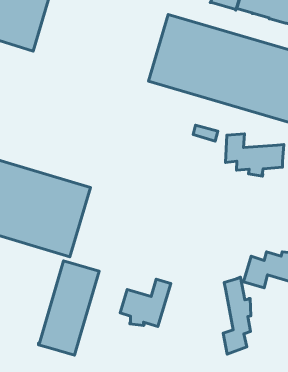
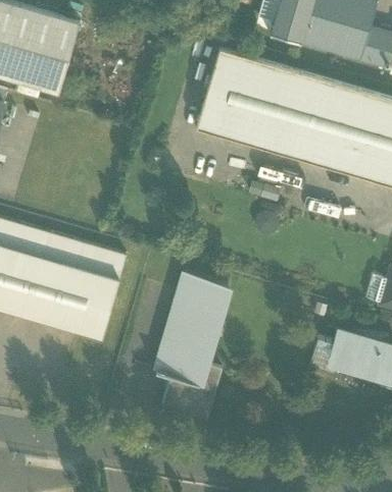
building: [226,134,284,176] -> none
building: [39,261,99,355] -> [155,273,228,385]
building: [223,277,251,354] -> none

